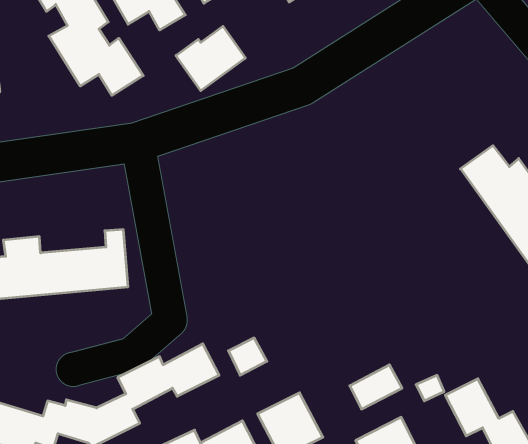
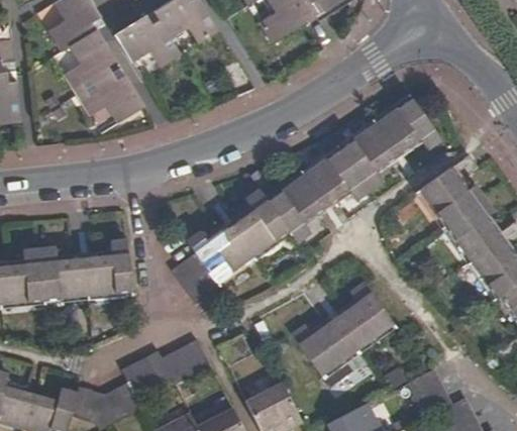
building: [176,26,245,91] -> none
building: none -> [171,100,439,302]
building: none -> [293,282,393,373]

